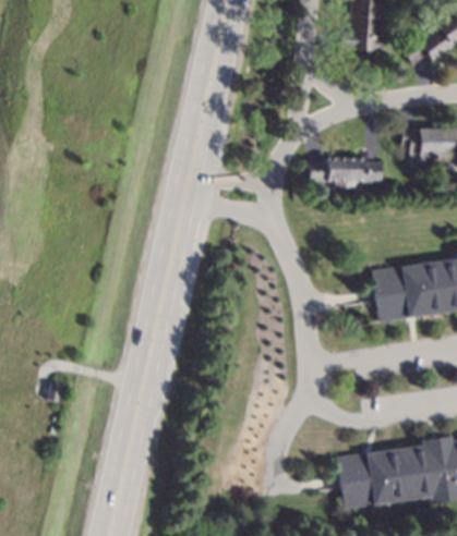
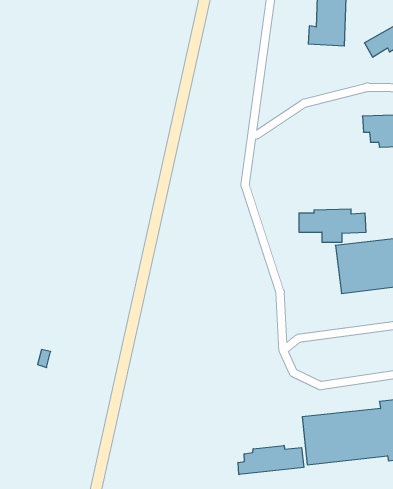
building: [312,157,385,193] -> [299,209,366,242]
building: none -> [238,445,304,475]

